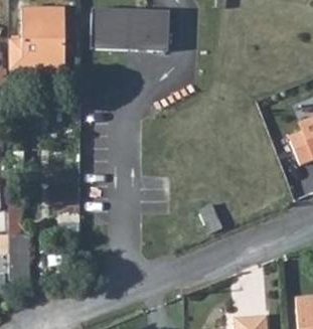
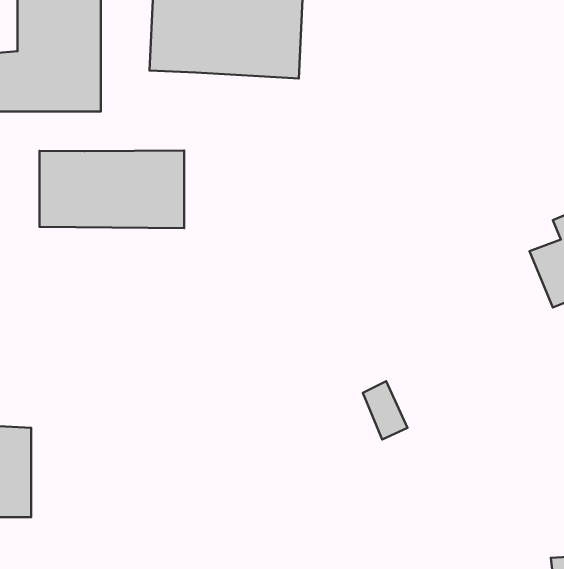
building: none -> [39,150,184,228]

